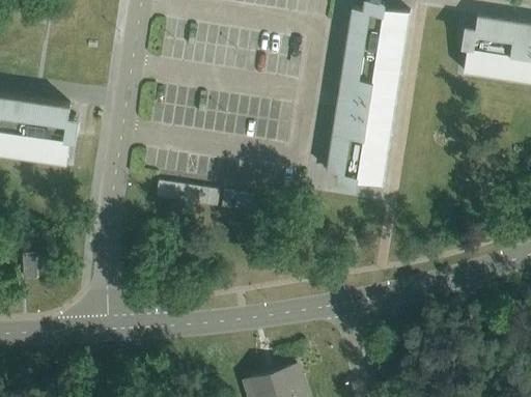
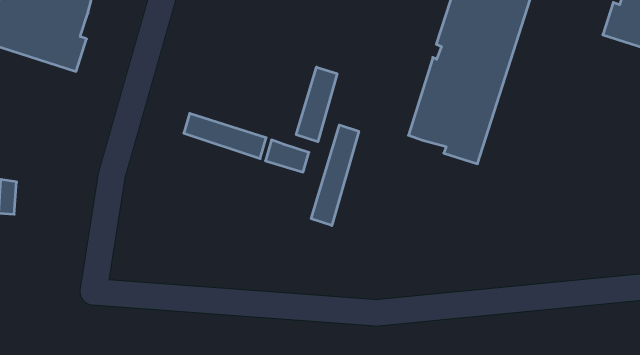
building: none -> [296,67,337,142]
building: none -> [311,125,359,226]

